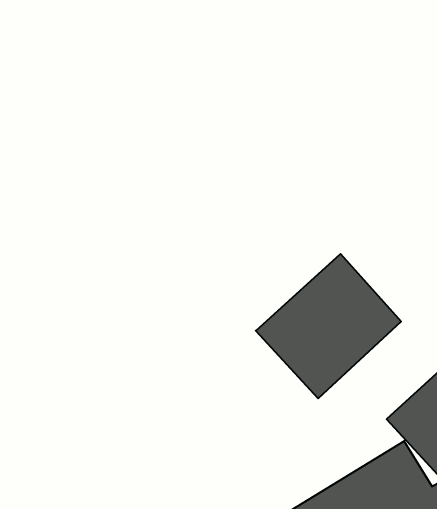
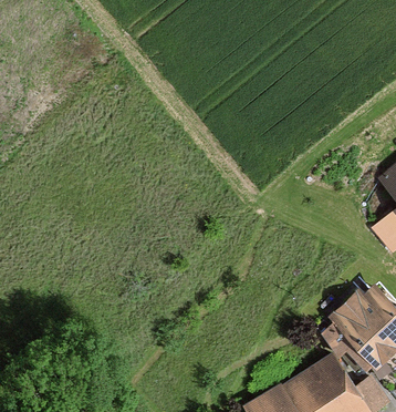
building: [256,254,401,398] -> none

